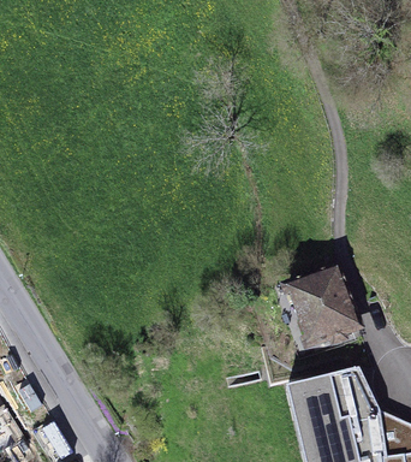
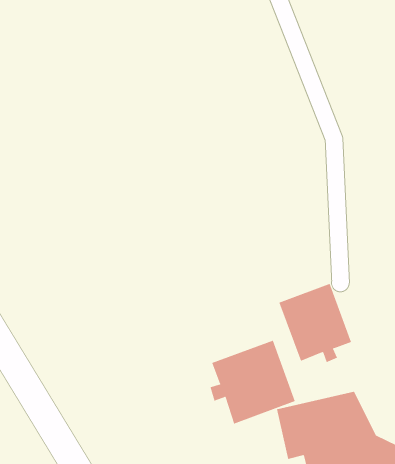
building: none -> [210,340,296,424]

